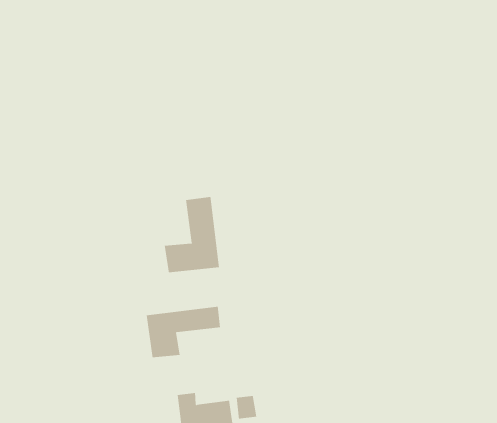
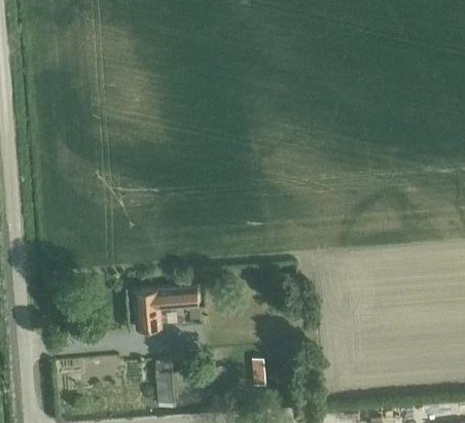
building: [164,196,220,273] -> none

